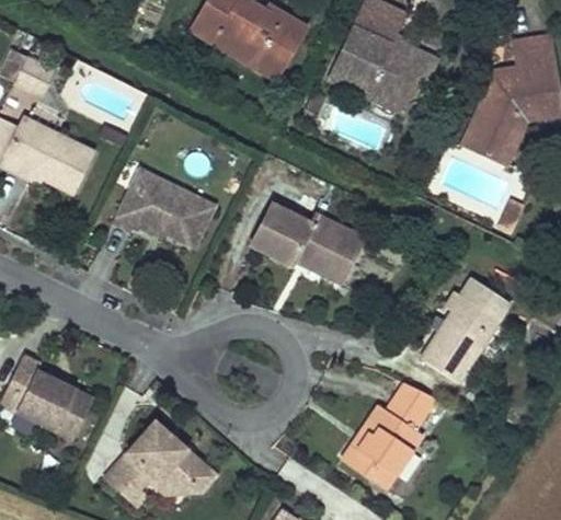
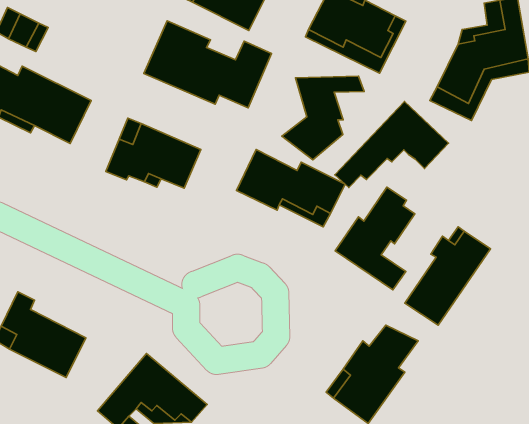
building: none -> [144,21,272,108]
building: none -> [282,76,364,160]
building: none -> [335,102,449,187]
building: none -> [335,187,415,290]

